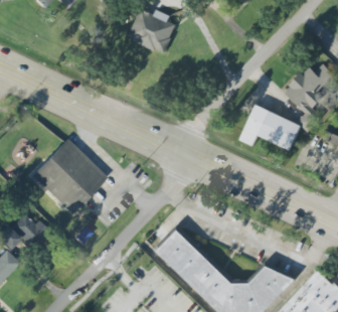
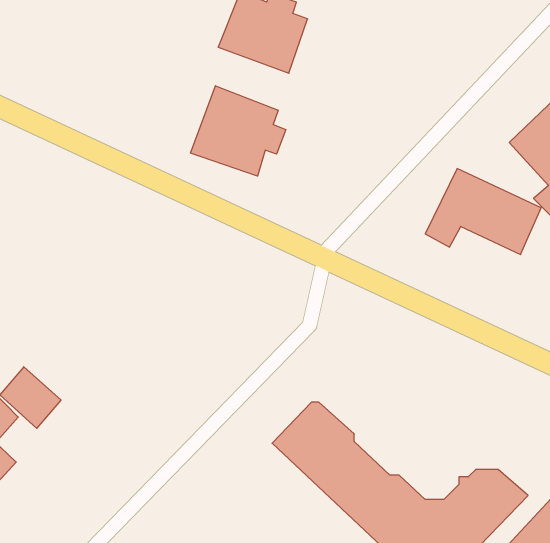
building: none -> [191,86,286,176]
building: [30,139,106,213] -> none

